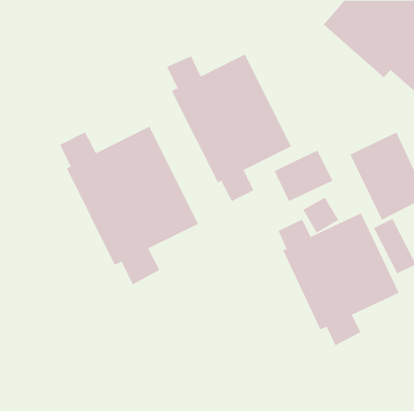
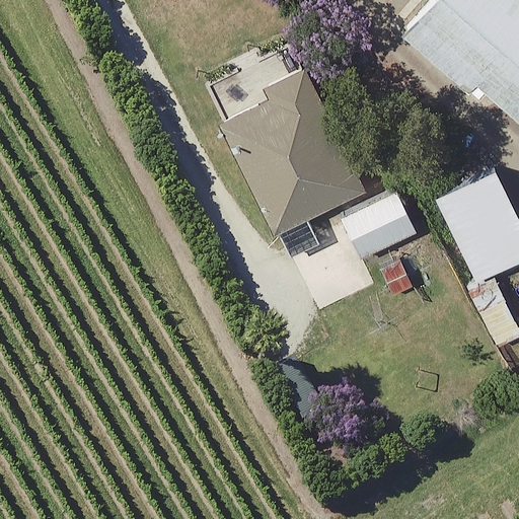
building: [59,126,199,285] -> none
building: [278,212,400,346] -> none

